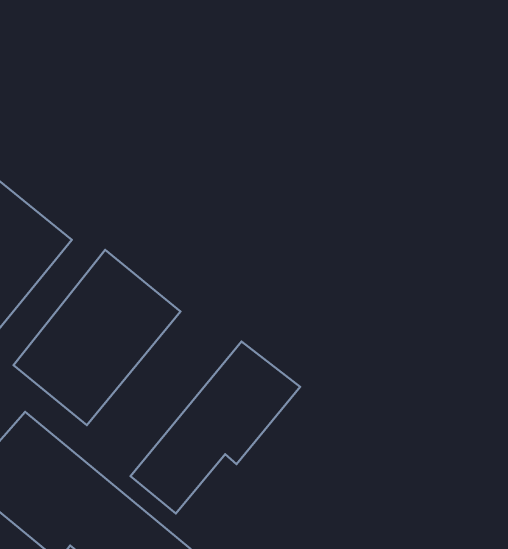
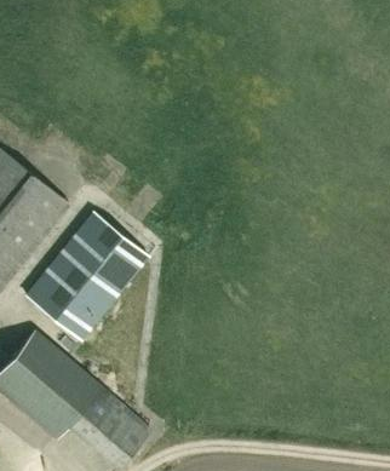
building: [131,341,300,513] -> none

